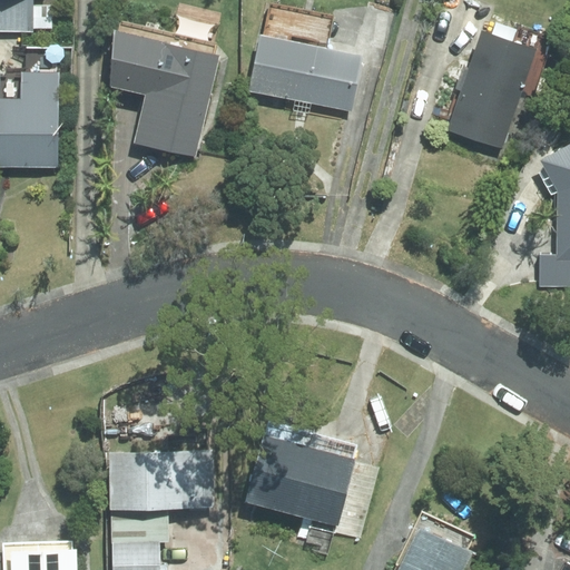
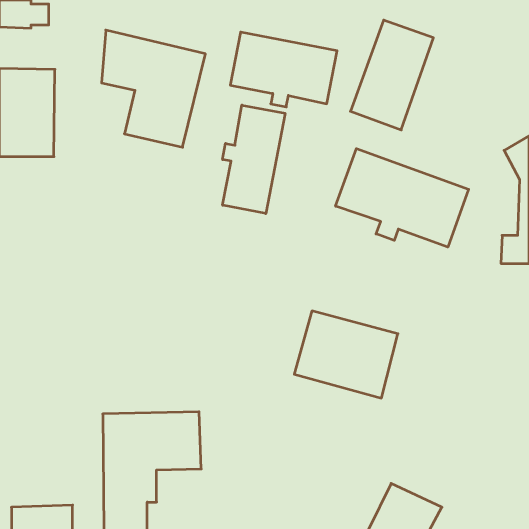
building: [448,32,537,150] -> [350,20,433,130]
building: none -> [223,105,285,214]
building: none -> [336,149,469,247]
building: [244,428,355,521] -> [294,311,398,398]

